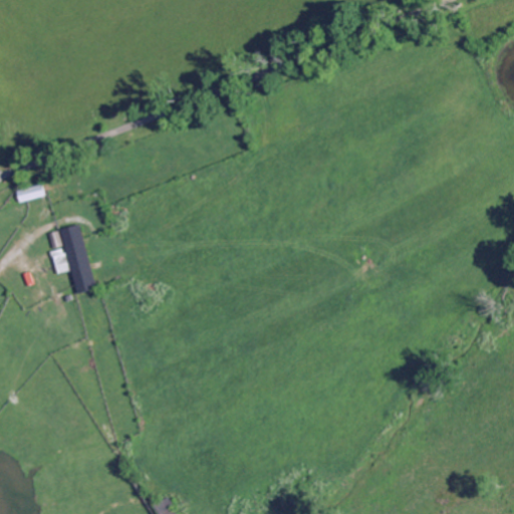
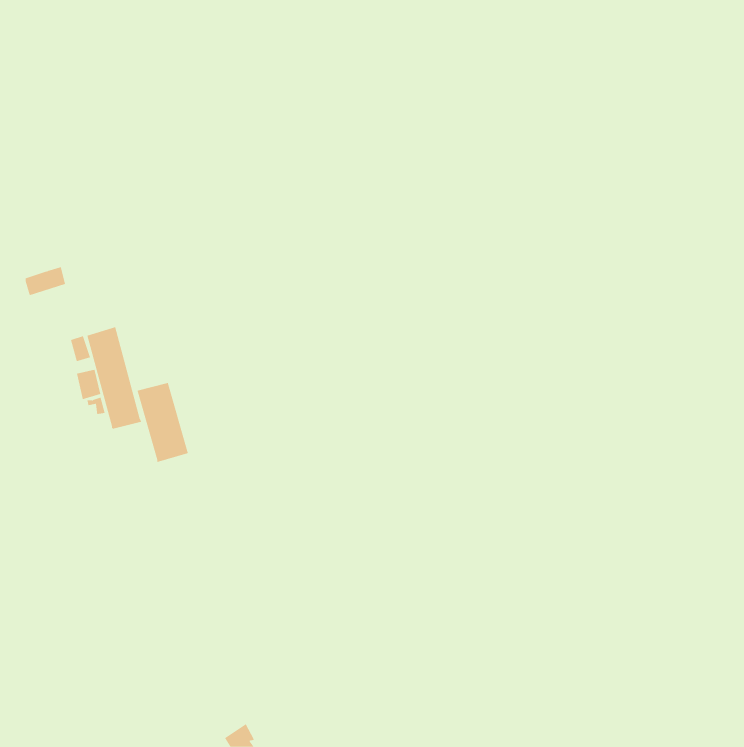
building: none -> [137,382,188,463]

